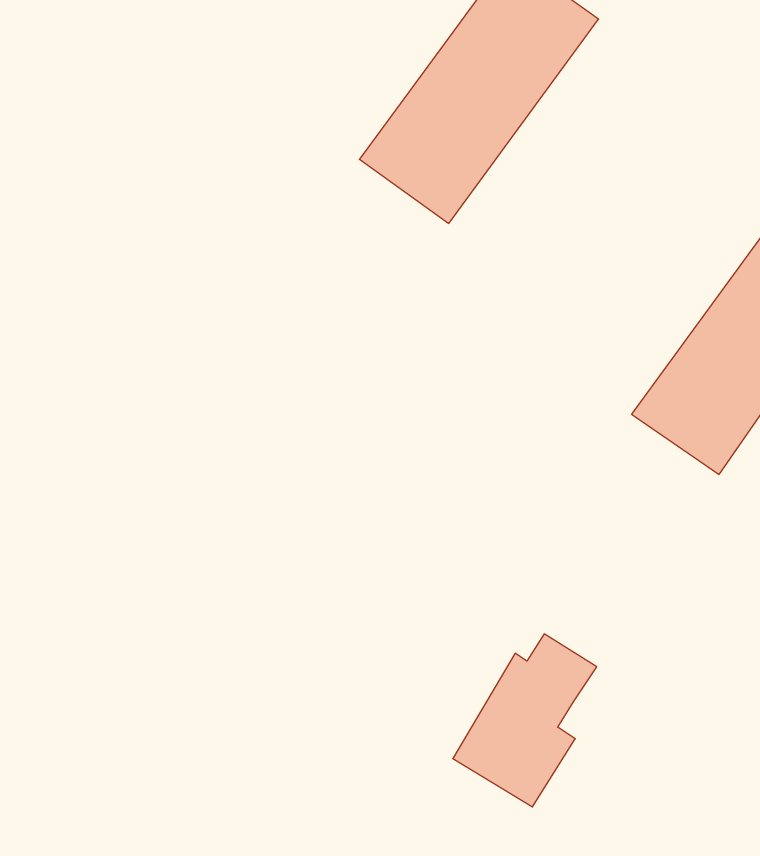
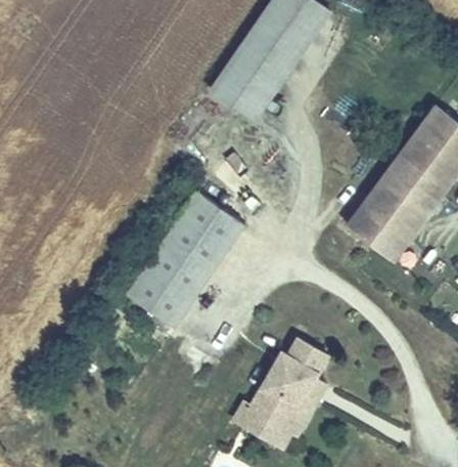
building: none -> [131,192,244,320]
building: none -> [238,401,296,451]

